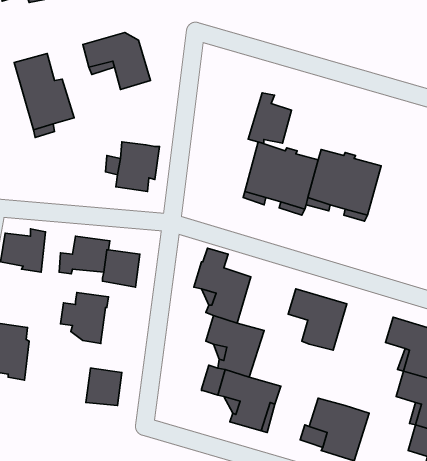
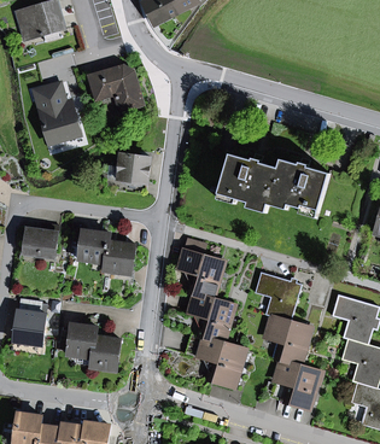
building: [248,93,291,143] -> none
building: [61,292,108,343] -> [59,323,98,364]
building: none -> [265,316,311,366]

